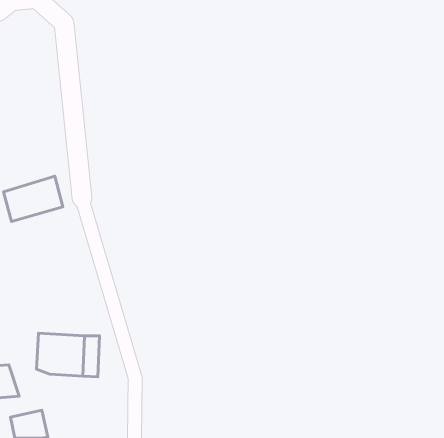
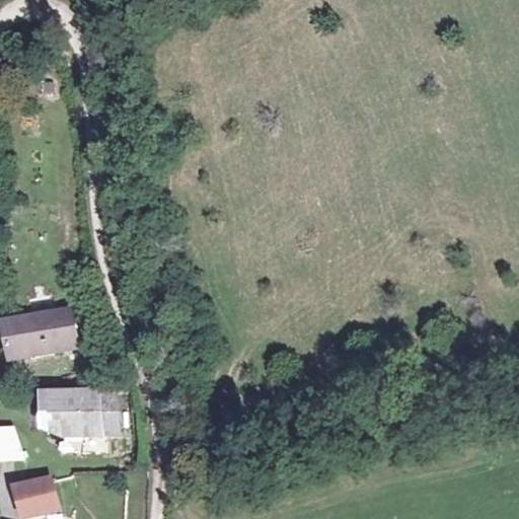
building: [4,176,63,222] -> [4,304,73,357]

